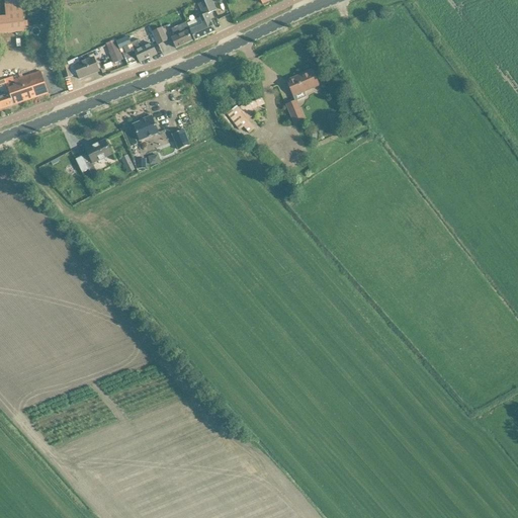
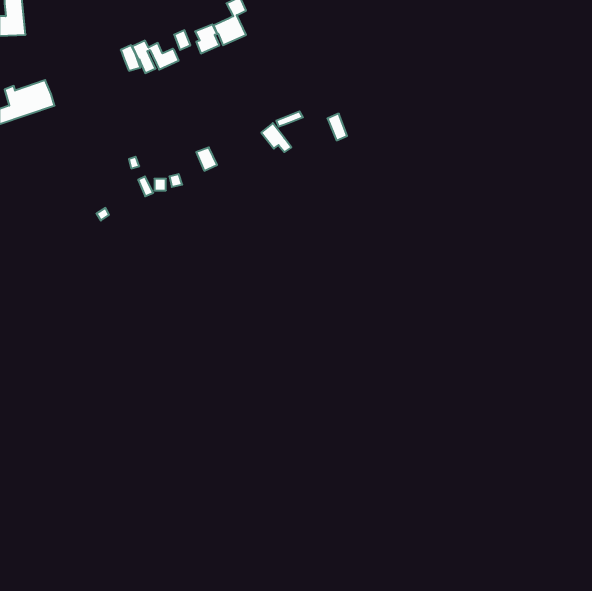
building: [61,57,98,77] -> none
building: [286,69,318,99] -> none
building: [133,114,158,140] -> none
building: [75,139,111,171] -> none

